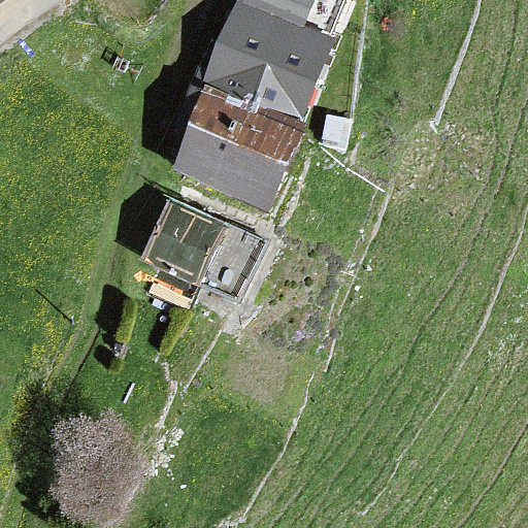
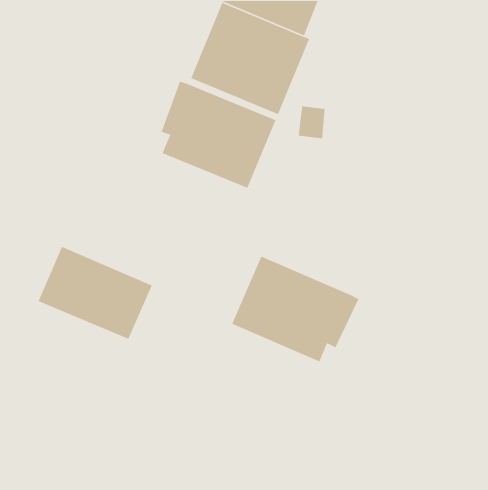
building: [141,200,265,301] -> [37,246,153,340]
building: none -> [231,255,360,362]

